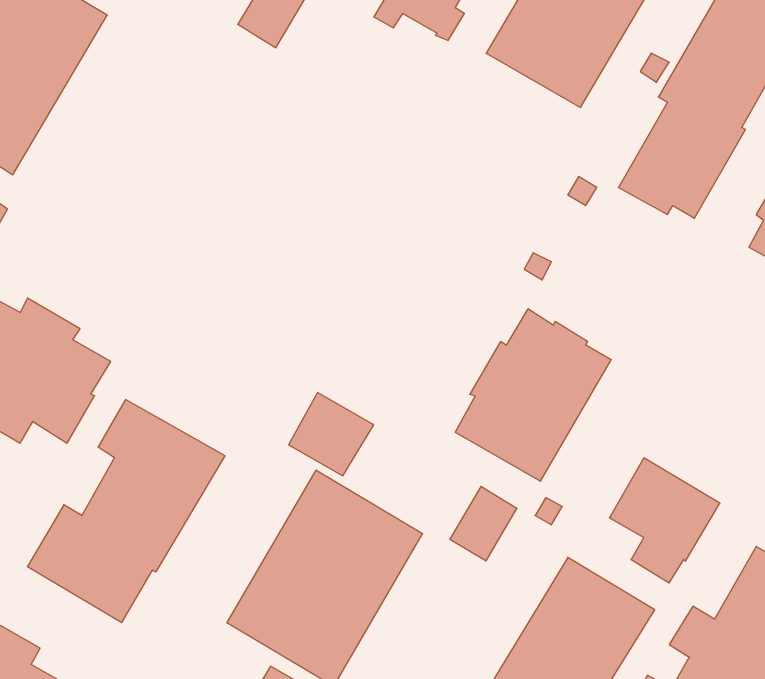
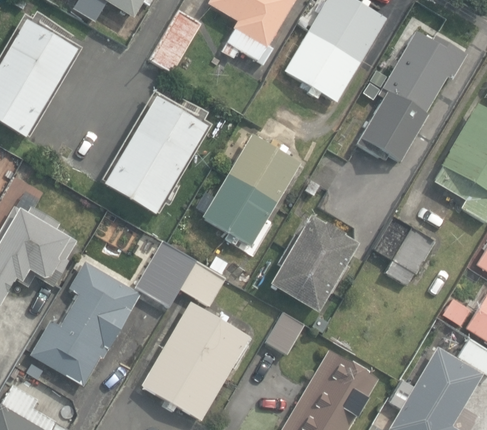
building: none -> [104,98,205,215]
building: none -> [203,135,300,246]
building: none -> [133,240,192,305]
building: [609,458,720,583] -> [372,214,433,283]

